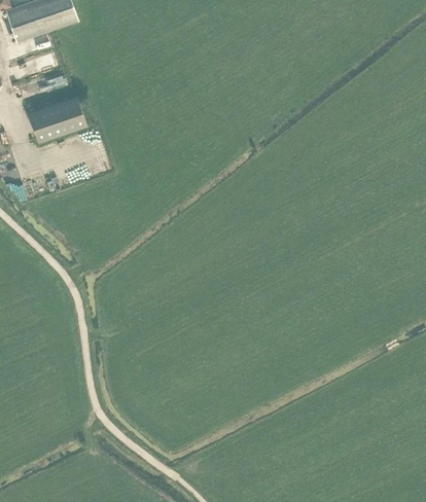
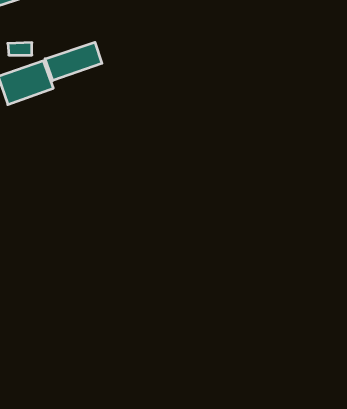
building: none -> [45,42,102,81]

